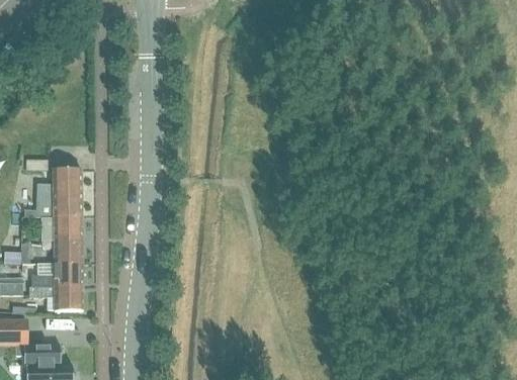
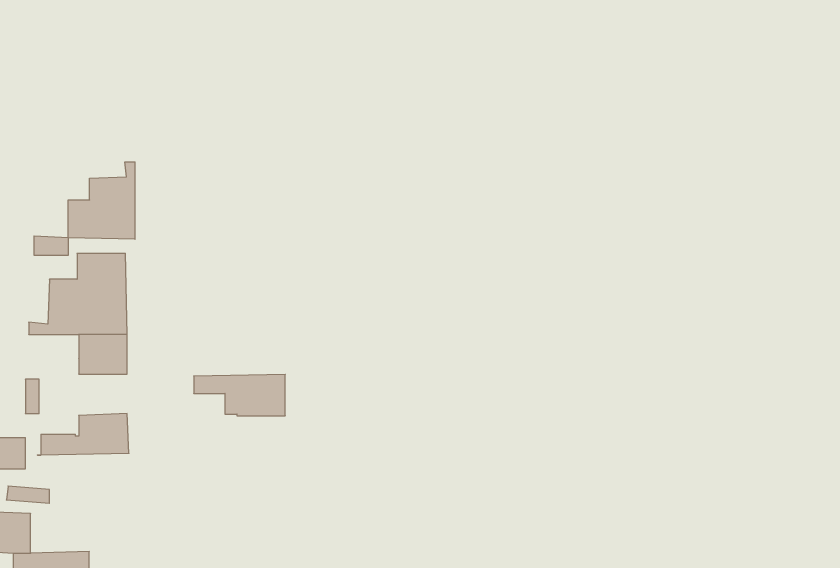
building: none -> [68,162,135,239]
building: [54,239,82,263] -> none
building: [29,285,83,309] -> [194,374,285,416]

